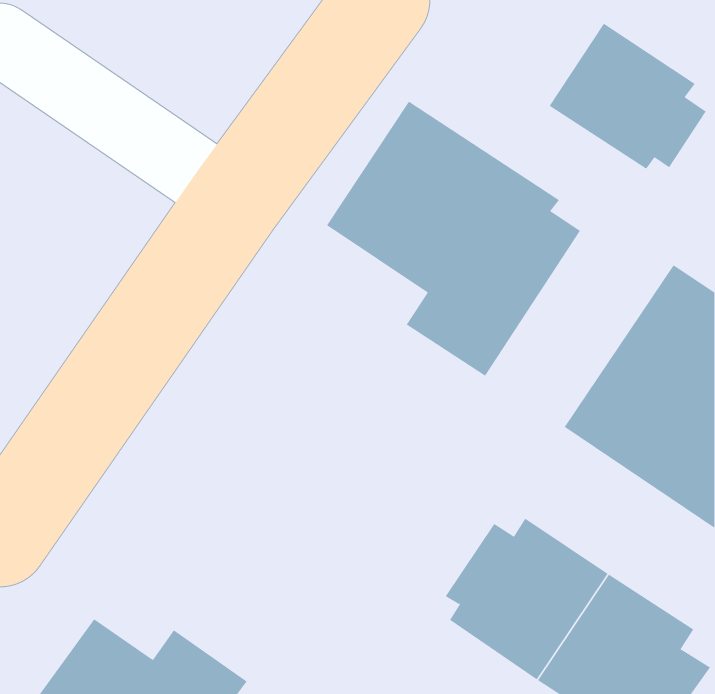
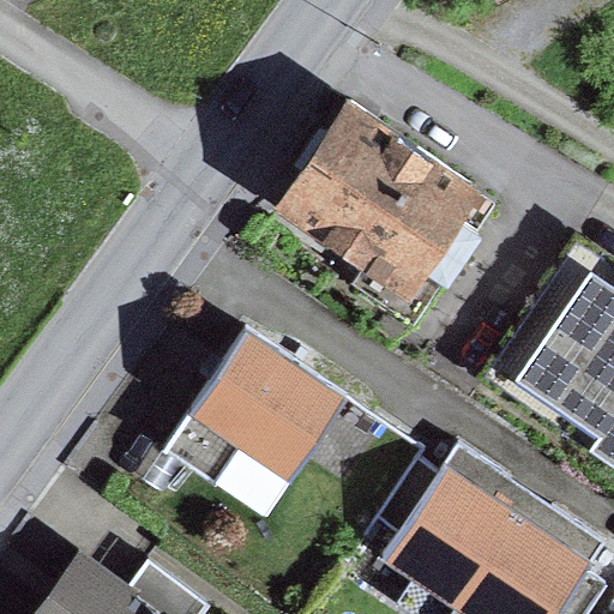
building: [549,23,707,170] -> none
building: none -> [161,317,356,484]

